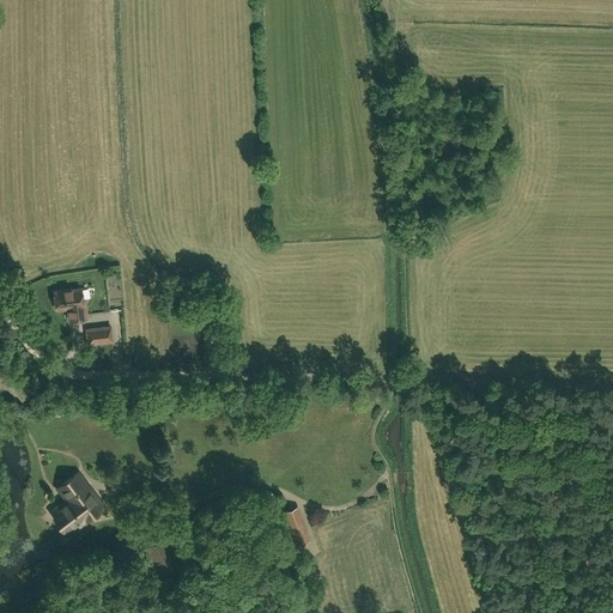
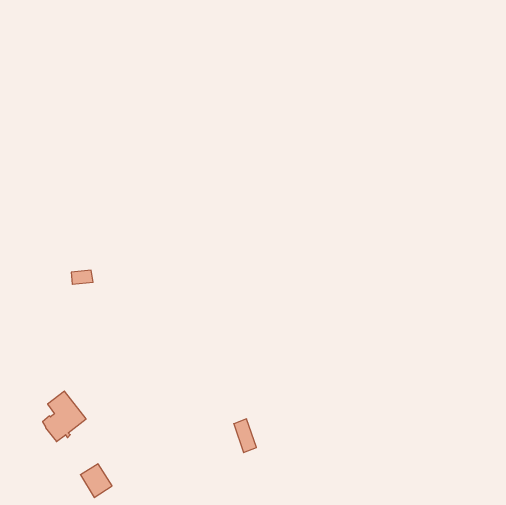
building: [54,290,86,322] -> none
building: [142,536,181,577] -> [80,464,112,498]

